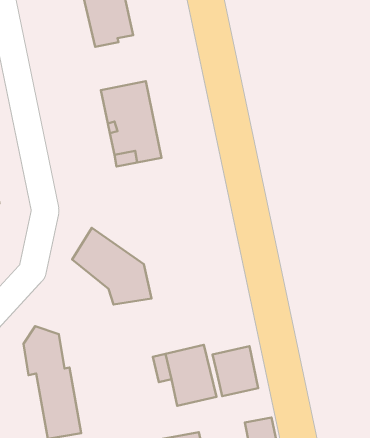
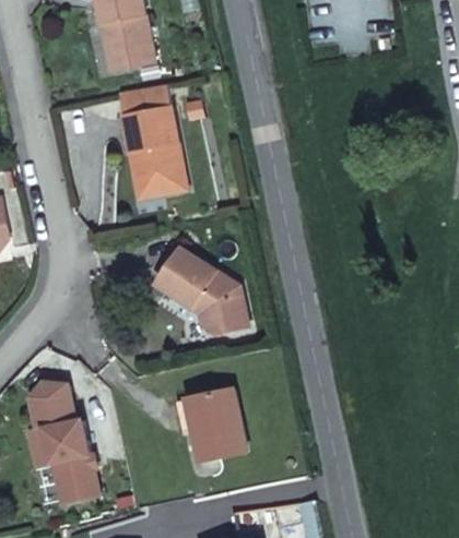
building: none -> [115,79,169,111]
building: [72,228,152,304] -> [156,251,245,336]
building: [213,346,258,396] -> none

